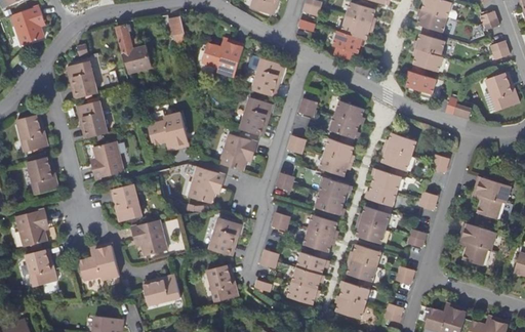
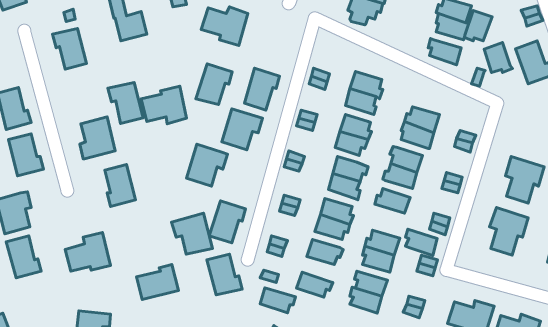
building: none -> [465,10,492,41]
building: [251,58,284,95] -> [196,64,232,105]
building: none -> [484,42,513,72]
building: [76,101,108,138] -> [108,83,143,123]
building: [130,219,167,256] -> [172,213,212,254]
building: [356,220,385,244] -> [406,229,437,255]
building: [292,267,324,290] -> [260,288,295,313]

